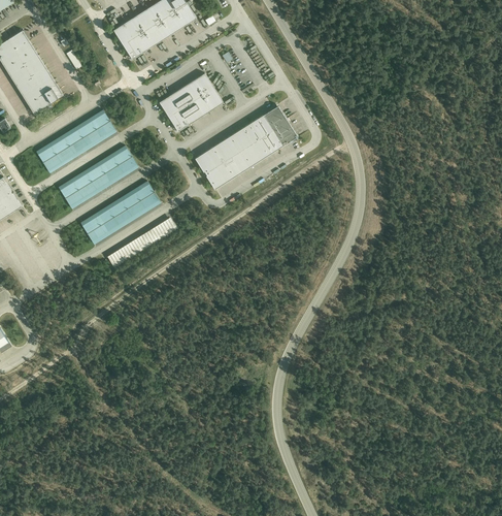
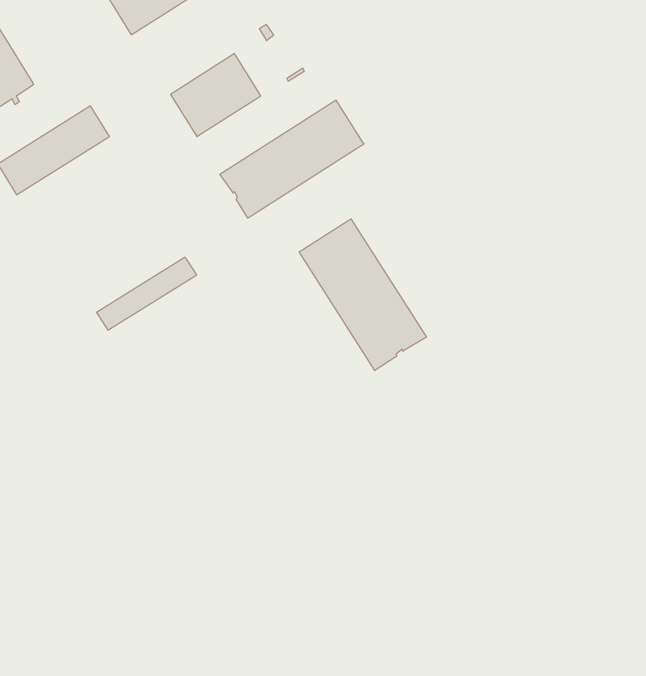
building: [58,146,138,208] -> none
building: [80,182,160,245] -> none
building: none -> [299,219,426,371]

